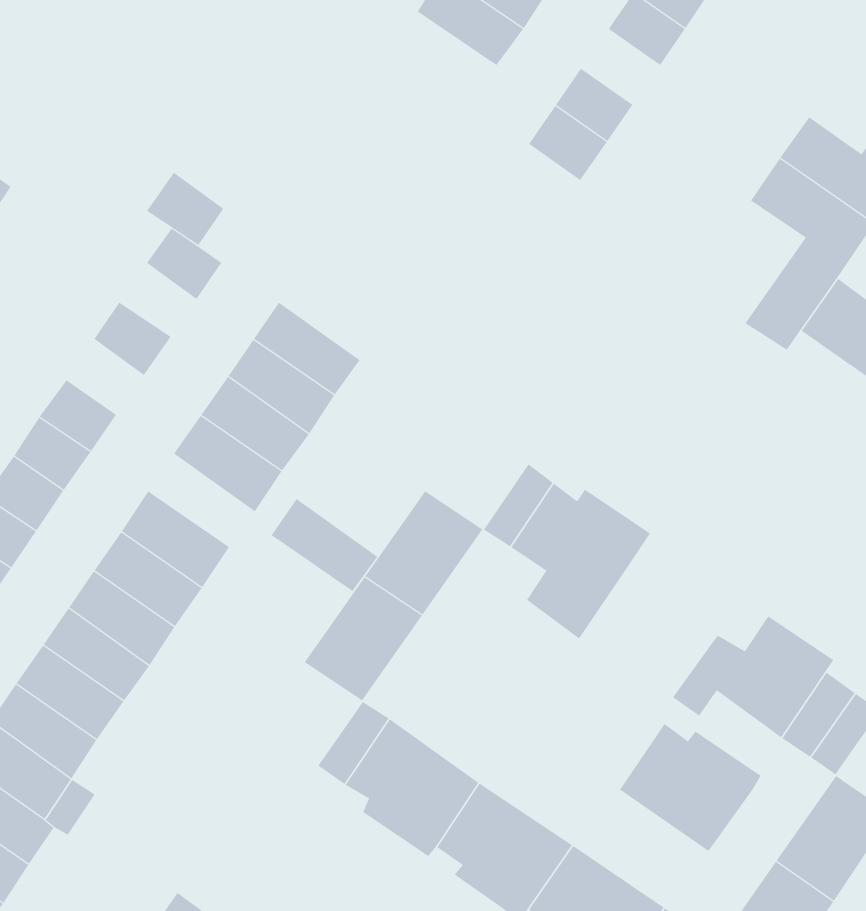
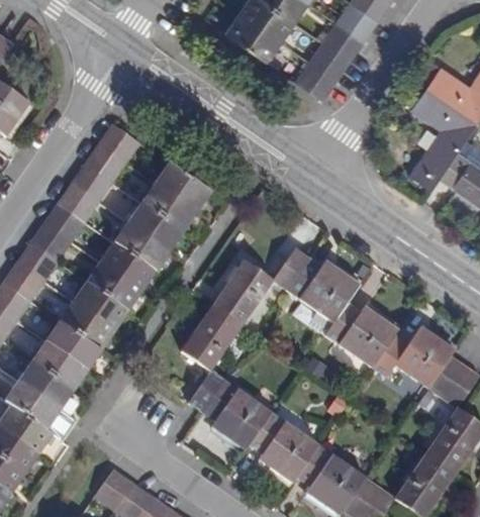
building: none -> [225,12,281,61]
building: none -> [324,21,366,61]
building: [146,172,224,246] -> [85,142,125,181]
building: none -> [58,182,98,221]
building: [271,498,378,592] -> [100,241,156,290]
building: [619,723,761,852] -> [325,301,399,368]

